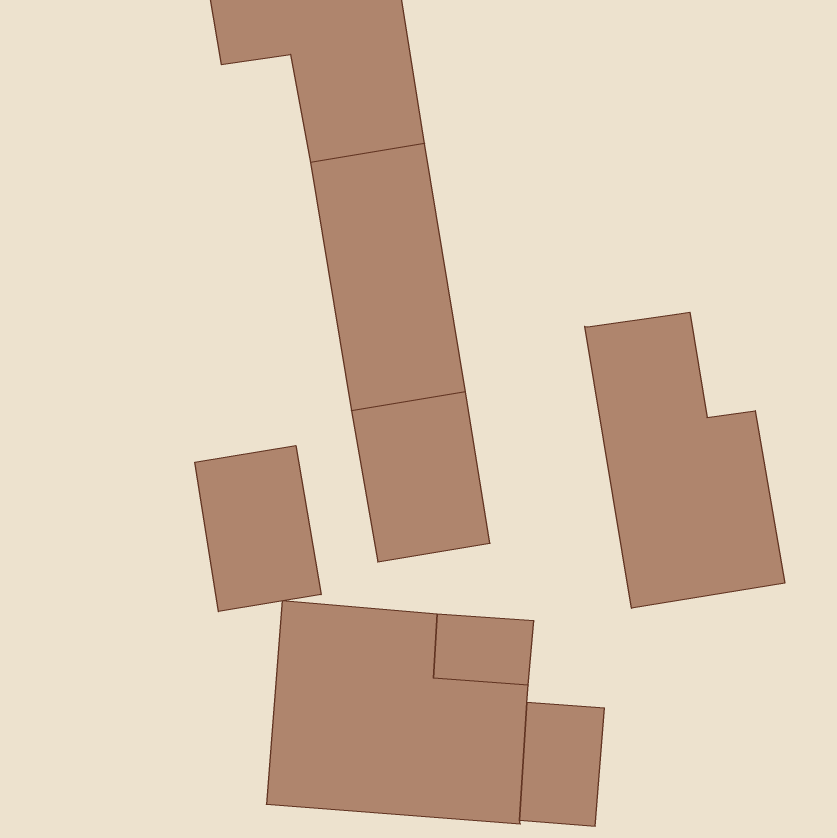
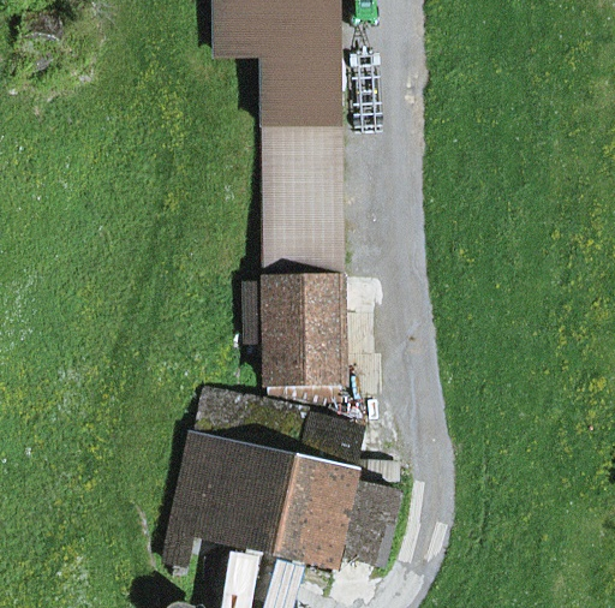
building: [585,312,785,608] -> none
building: [195,446,321,612] -> none

